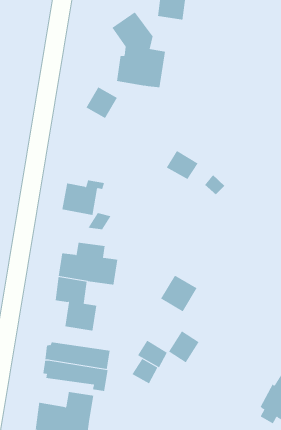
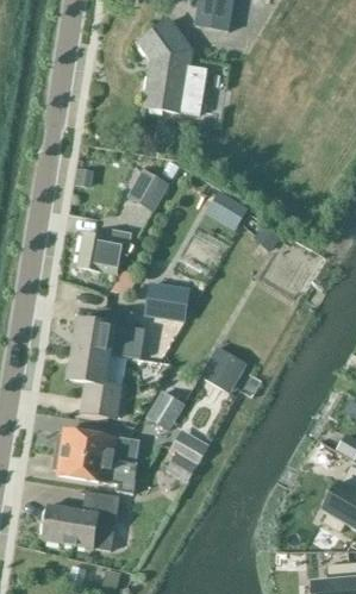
building: [85,86,118,119] -> [129,169,169,210]
building: none -> [146,283,189,320]
building: [168,331,200,363] -> [146,389,186,430]

